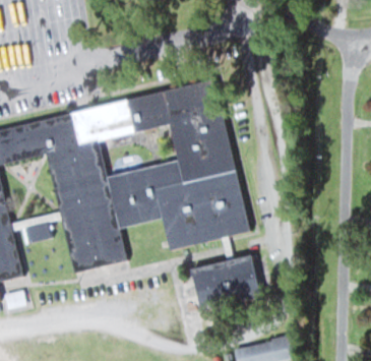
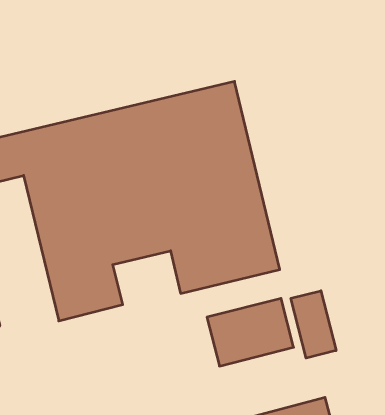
building: none -> [291,291,336,358]

